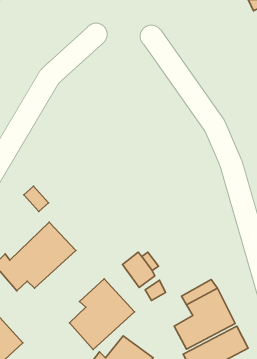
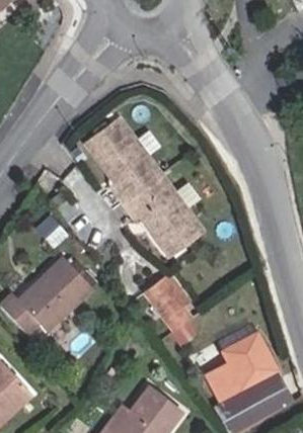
building: none -> [93,129,207,268]
building: [69,279,134,349] -> none

